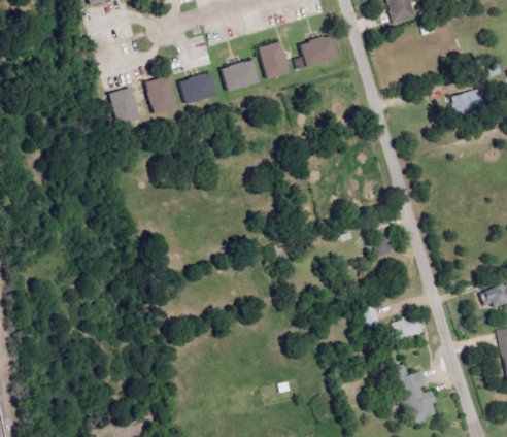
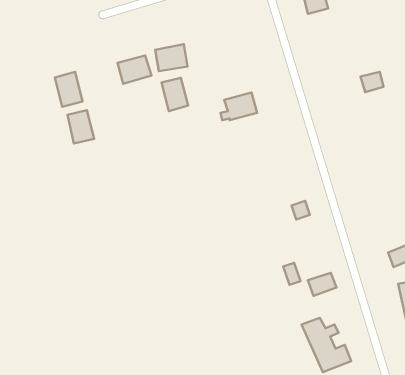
building: [297,39,338,70] -> [220,93,257,120]
building: [259,44,289,81] -> [161,78,188,111]
building: [145,75,175,112] -> [67,110,94,143]

